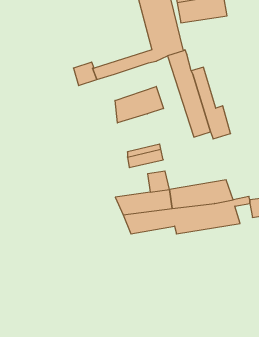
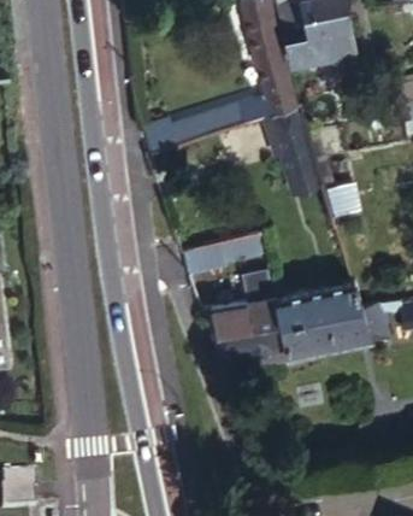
building: [115,86,163,123] -> none

